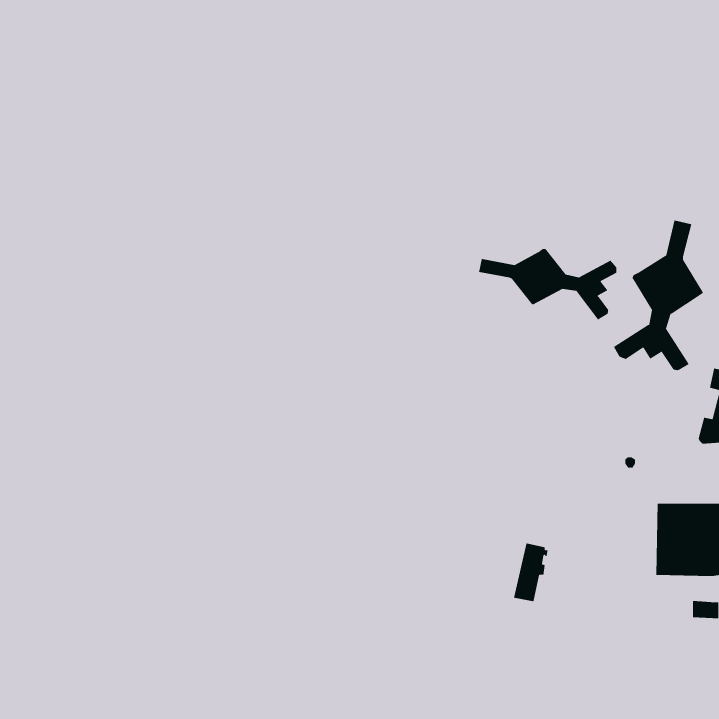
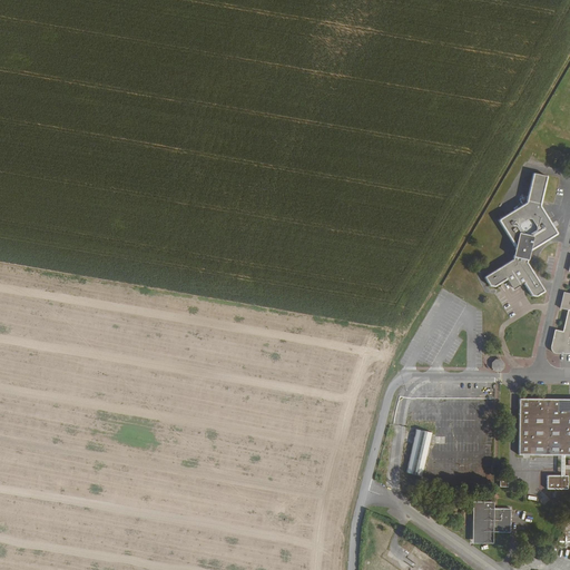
building: [479,248,617,320] -> none
building: none -> [474,502,511,543]

